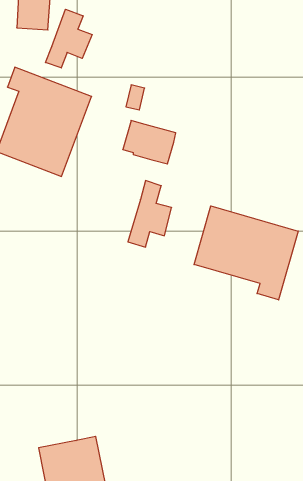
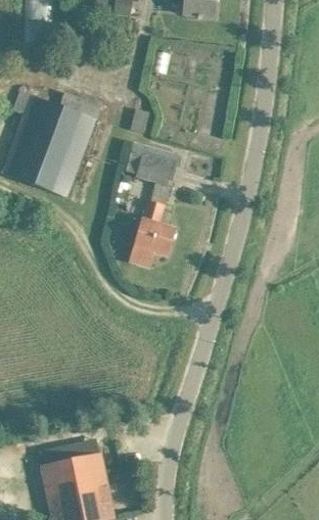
building: [46,9,92,68] -> none
building: [194,206,298,300] -> none

